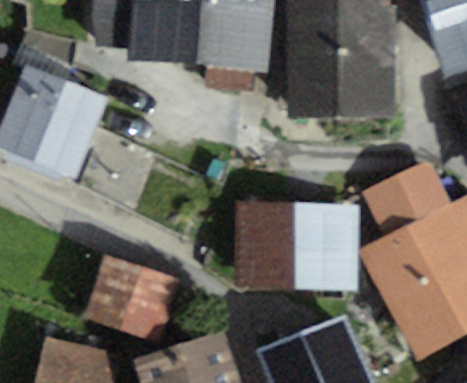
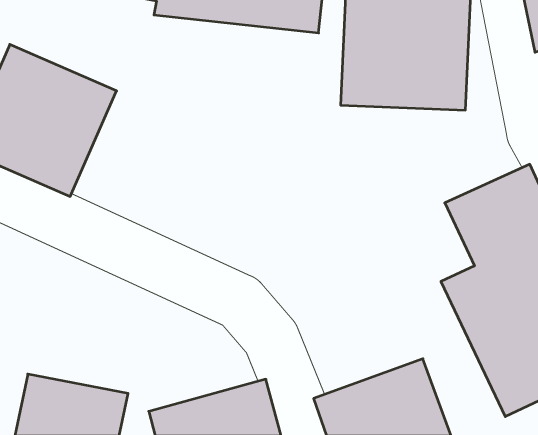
building: [238,207,356,285] -> none
building: [86,256,185,339] -> none

